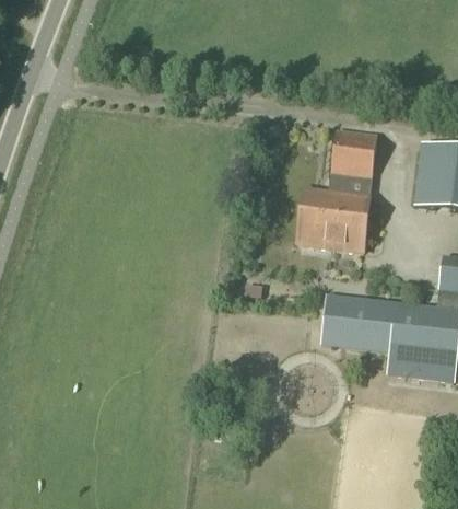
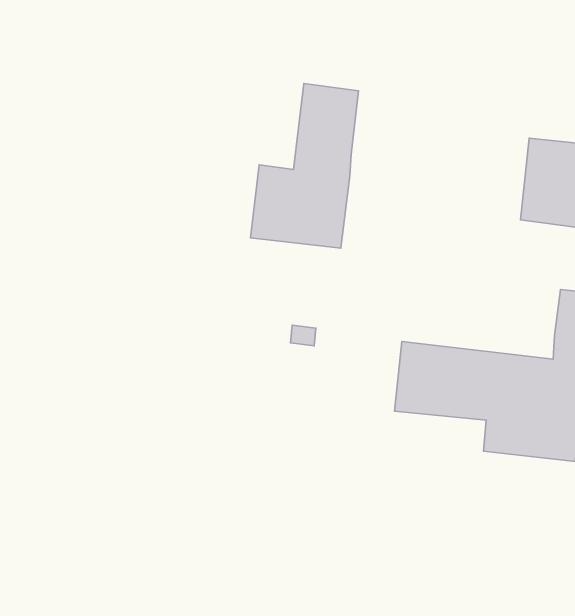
building: [296,129,376,251] -> [250,83,359,248]

